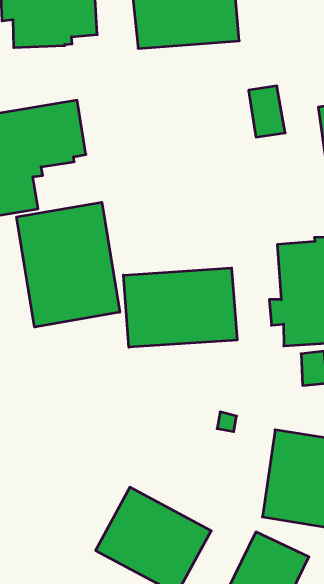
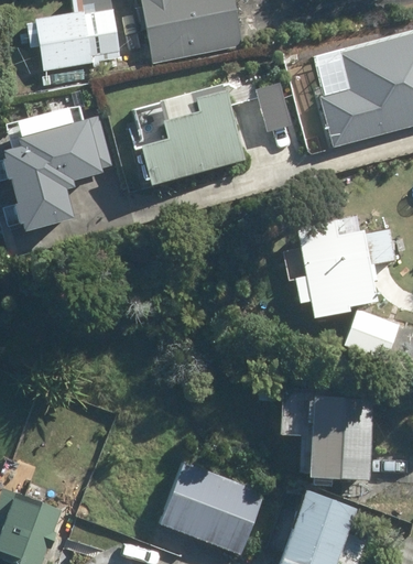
building: none -> [142,89,248,184]
building: [17,202,120,327] -> none
building: [123,268,237,347] -> none

